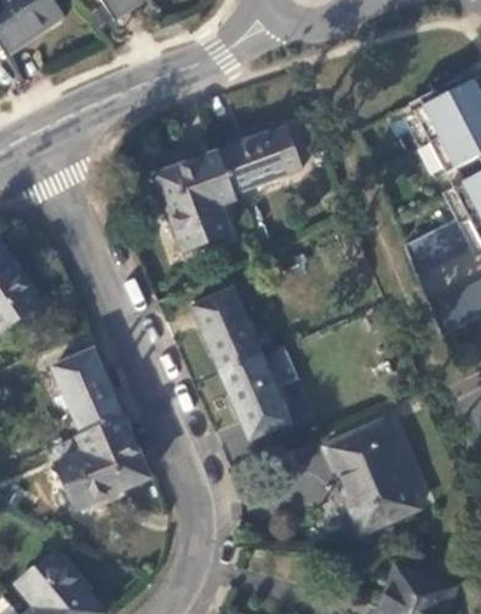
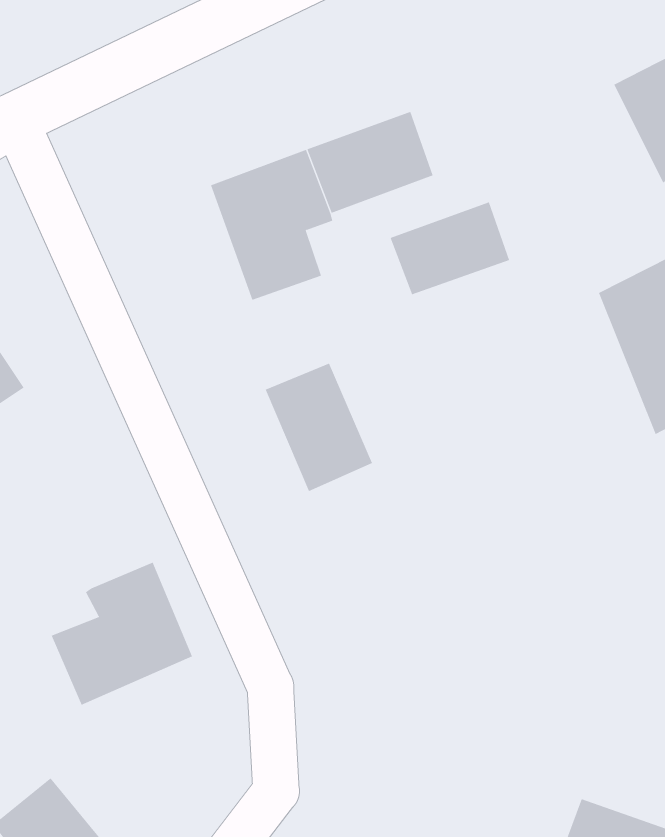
building: none -> [390,202,510,295]
building: [53,348,122,432] -> none
building: [222,352,291,437] -> none
building: [325,420,419,529] -> none

